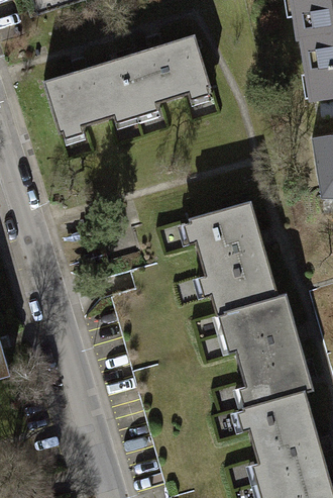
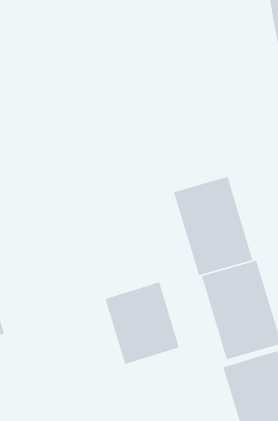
building: [45,32,218,140] -> none
building: none -> [105,282,179,365]

